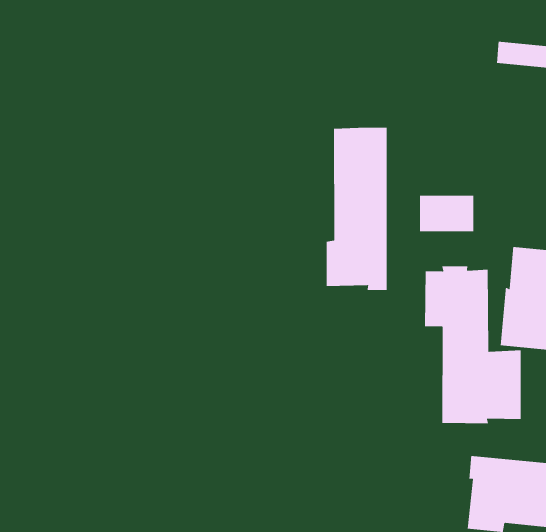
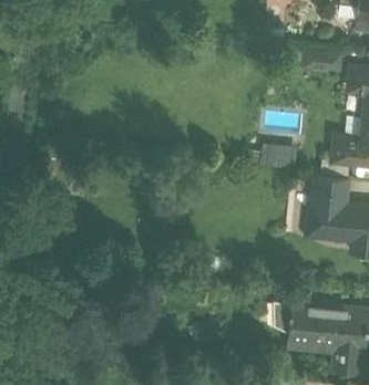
building: [326,127,387,291] -> none
building: [425,265,521,424] -> none

